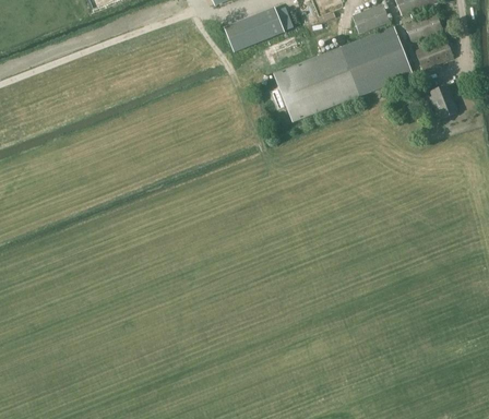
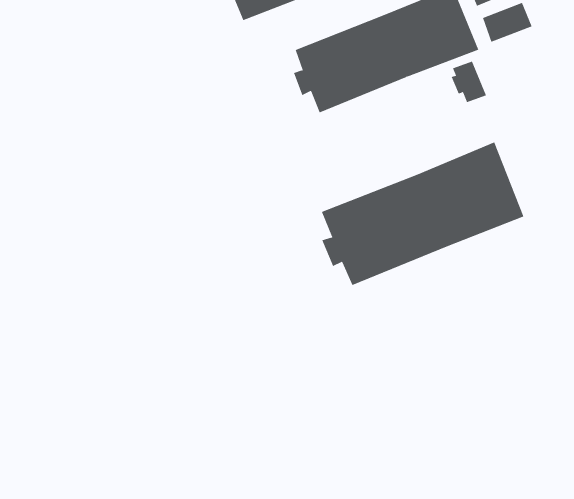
building: [430,86,457,118] -> [451,61,487,103]
building: none -> [321,141,524,286]

